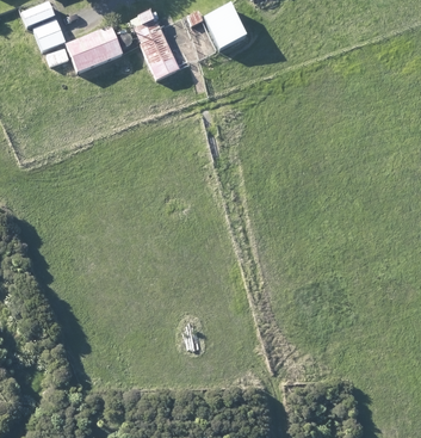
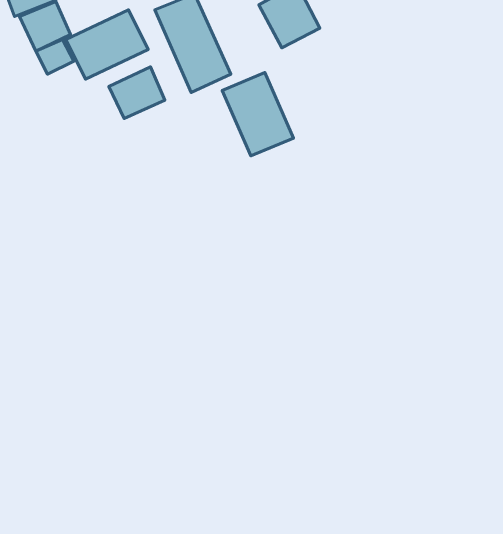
building: none -> [109,67,165,119]
building: none -> [222,73,294,156]

